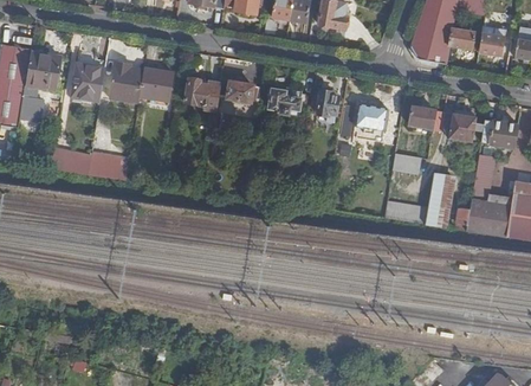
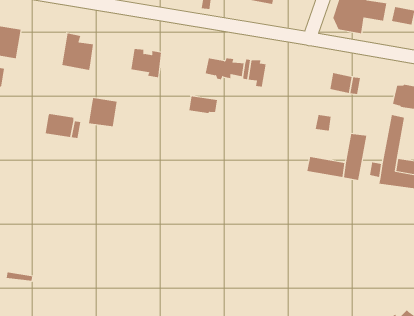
building: [72,64,105,99] -> none
building: [140,67,173,101] -> [88,97,118,127]
building: [227,82,260,102] -> [189,96,218,114]
building: [354,102,387,140] -> none
building: [448,112,477,142] -> none
building: [50,148,91,174] -> none

